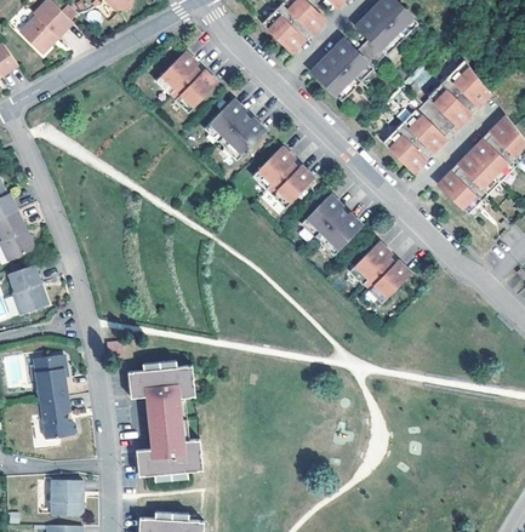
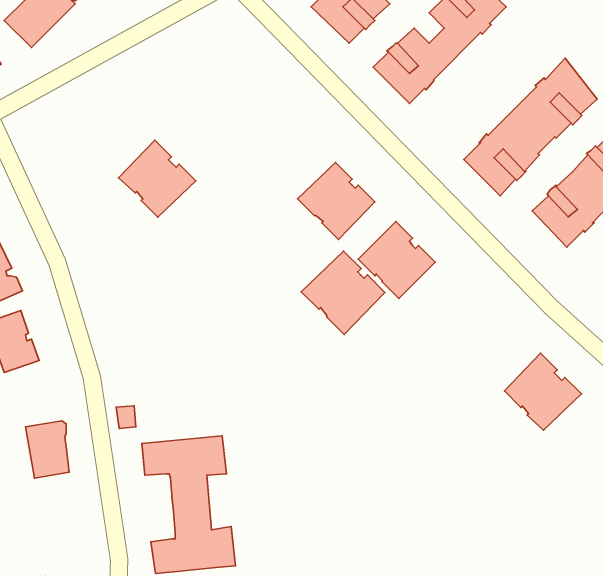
building: [156,50,218,111] -> [119,140,196,217]
building: [205,97,267,159] -> none
building: none -> [301,251,385,335]
building: [349,240,411,302] -> [504,353,581,430]
building: [41,394,78,436] -> none

